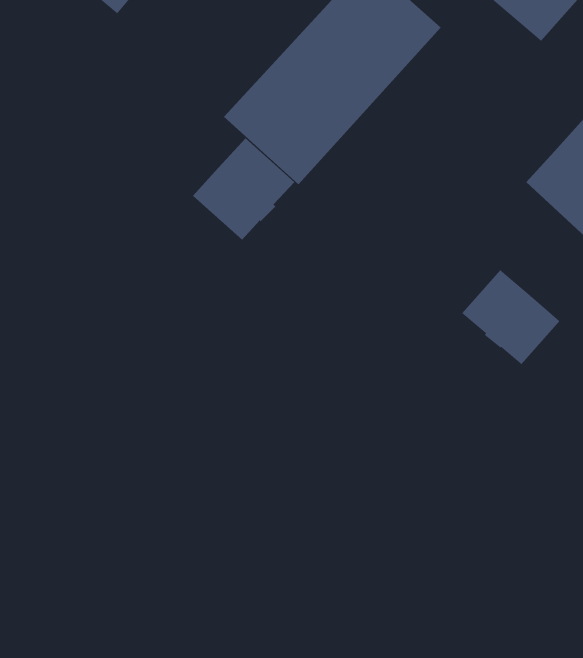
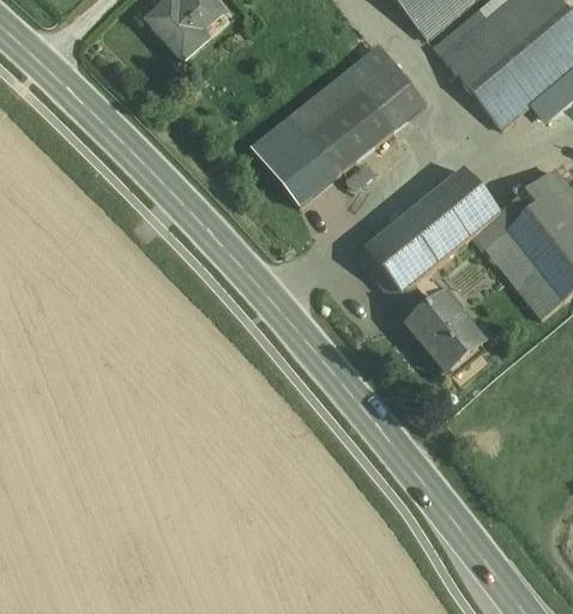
building: none -> [364,168,497,290]
building: [192,138,295,240] -> none

